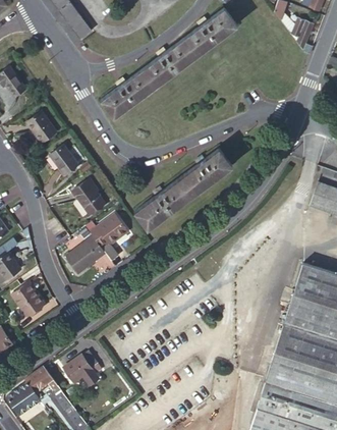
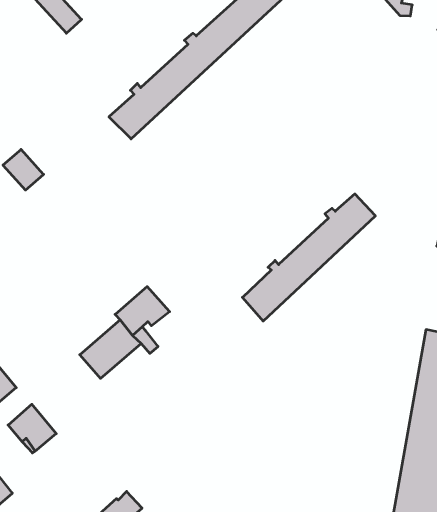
building: [51,145,80,175] -> none
building: [136,150,231,228] -> [242,194,375,321]
building: [72,176,106,214] -> none

